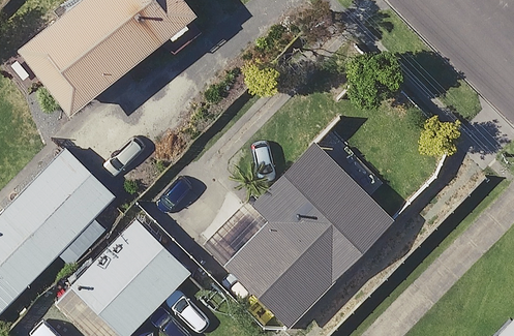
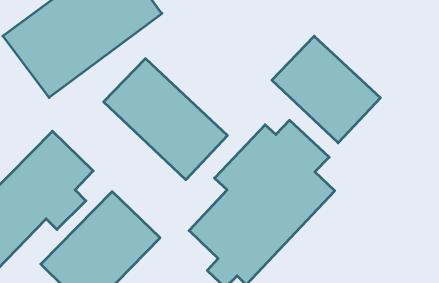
building: none -> [272,36,380,143]
building: none -> [104,59,227,180]

